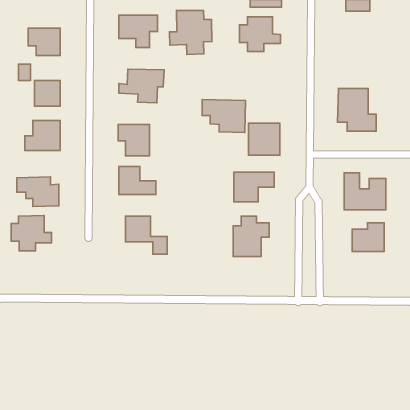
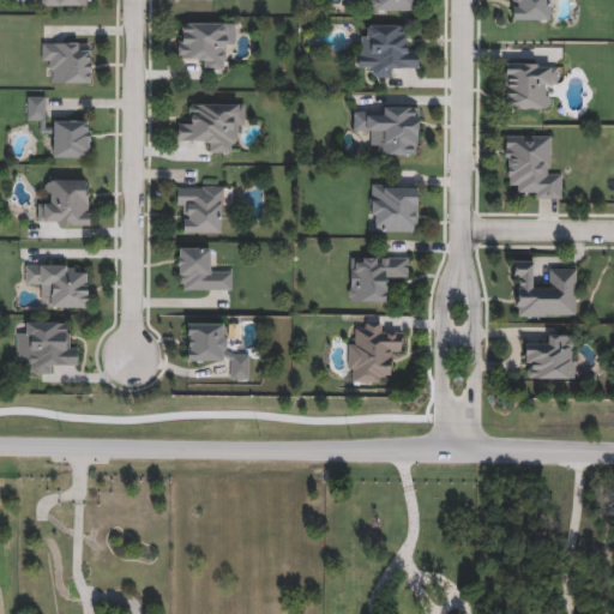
building: [169,11,212,54] -> none
building: none -> [505,60,560,106]
building: [202,100,246,133] -> [355,106,420,155]

